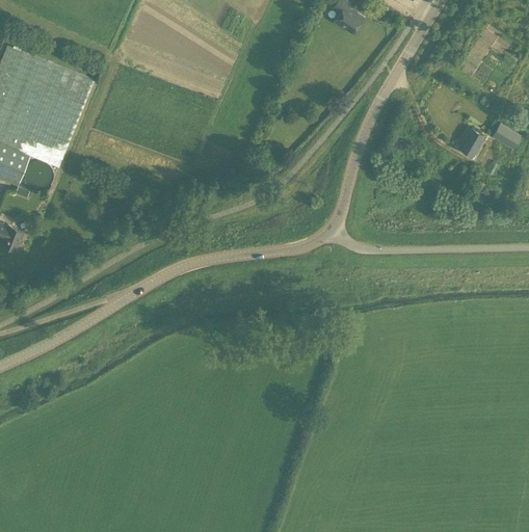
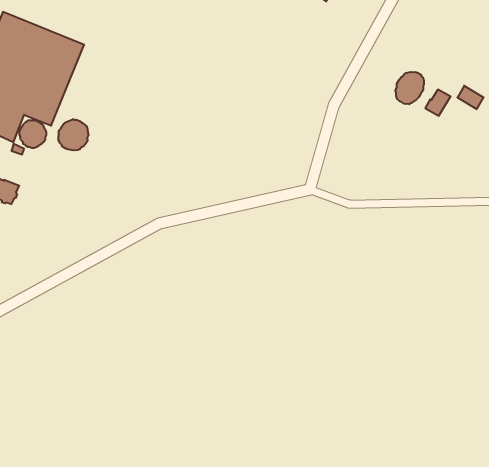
building: none -> [395,72,424,104]
building: none -> [58,119,88,150]

